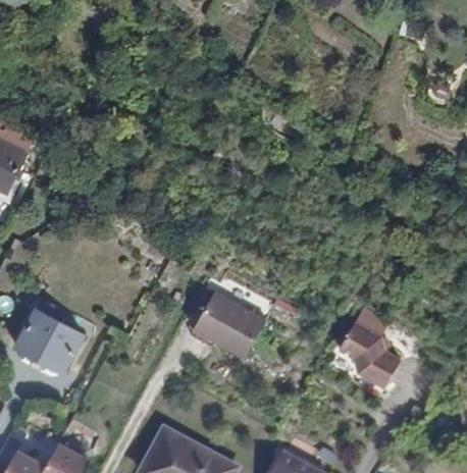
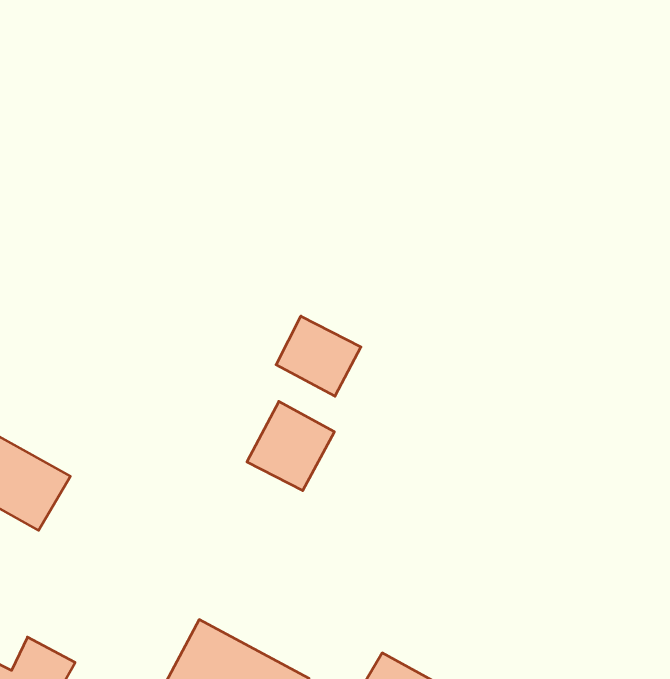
building: none -> [276,316,361,396]
building: [343,323,403,386] -> none

